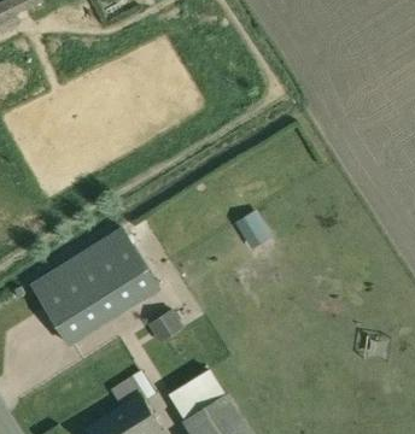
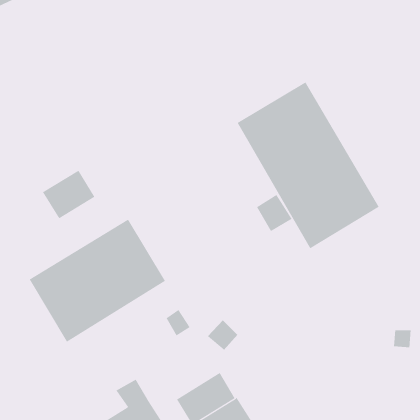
building: none -> [237,82,379,249]
building: none -> [42,170,95,219]

